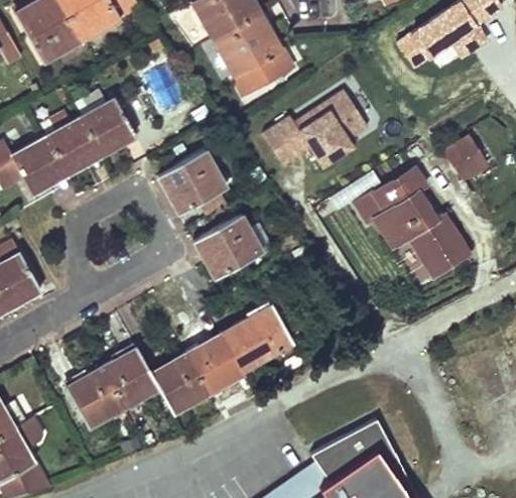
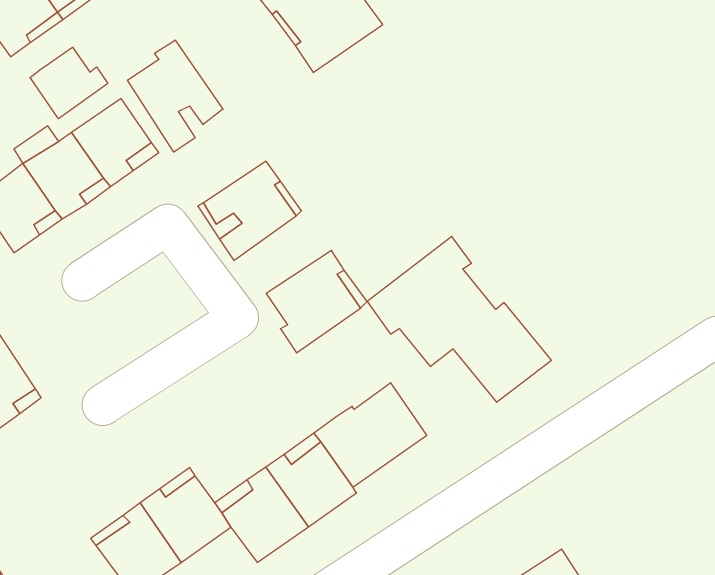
building: none -> [30,47,108,119]
building: none -> [127,40,223,152]
building: [264,85,374,167] -> none
building: [442,135,490,184] -> none
building: [355,171,473,284] -> [367,236,551,402]

